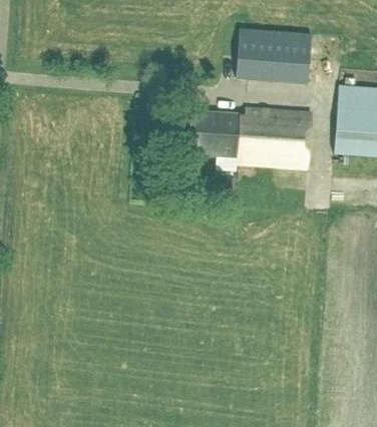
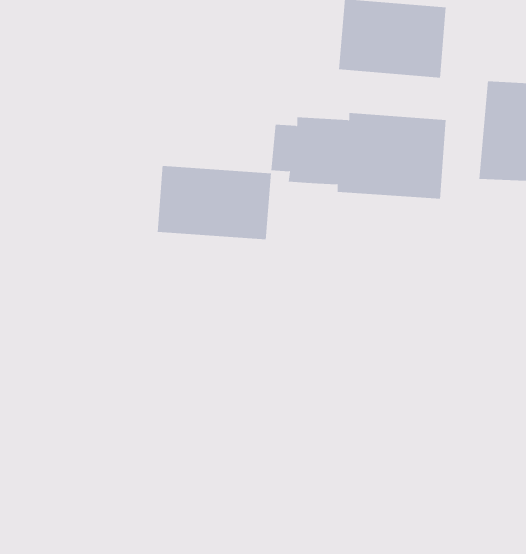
building: none -> [157,165,271,240]

